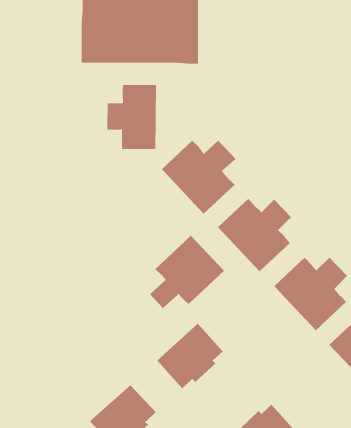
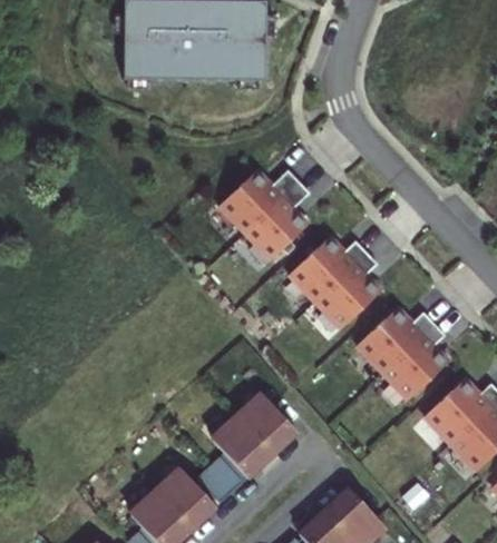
building: [106,84,157,150] -> none
building: [149,235,225,309] -> none
building: none -> [198,455,245,501]

